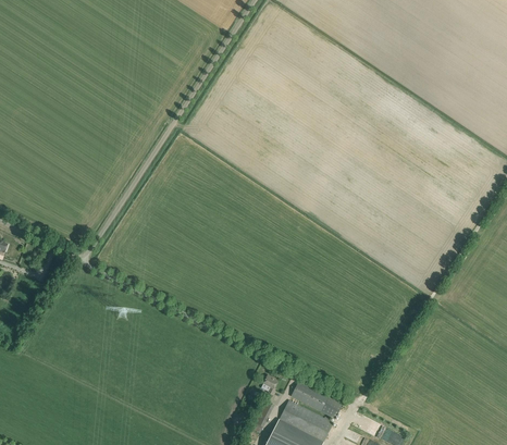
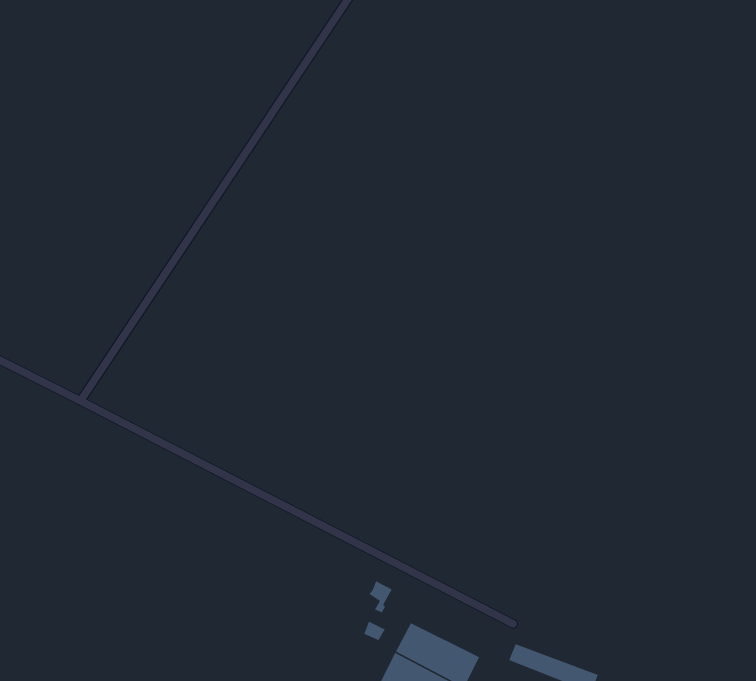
building: [290,382,342,418] -> none

